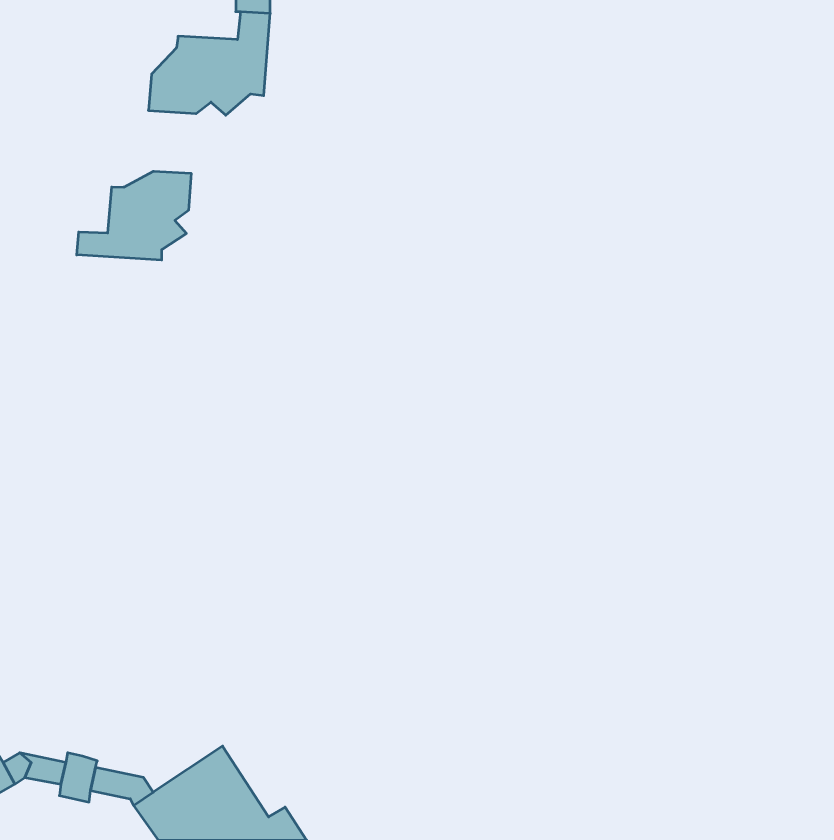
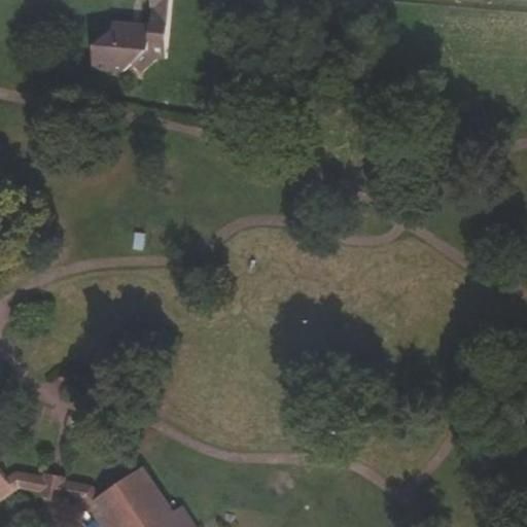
building: [77,171,191,260] -> none

